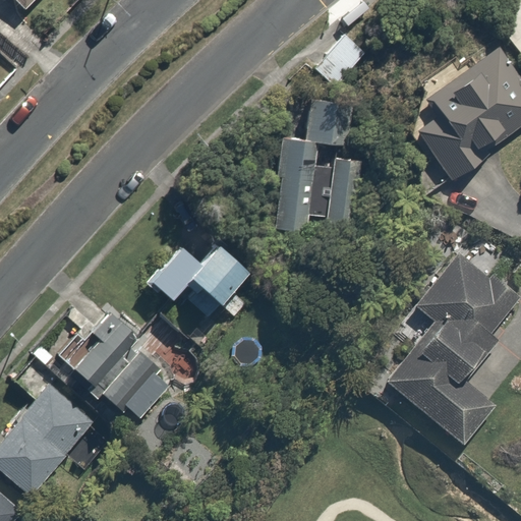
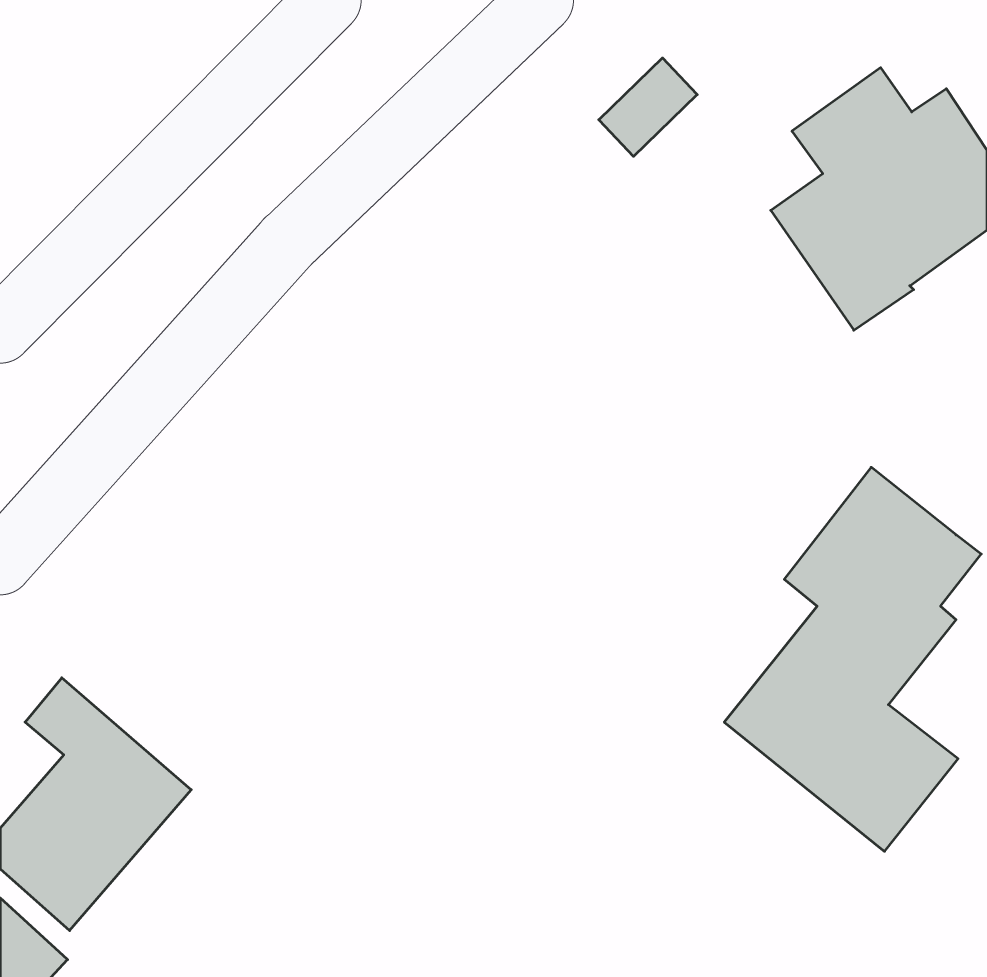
building: [272,104,353,240] -> none
building: [146,244,258,329] -> none
building: [53,310,178,428] -> none

